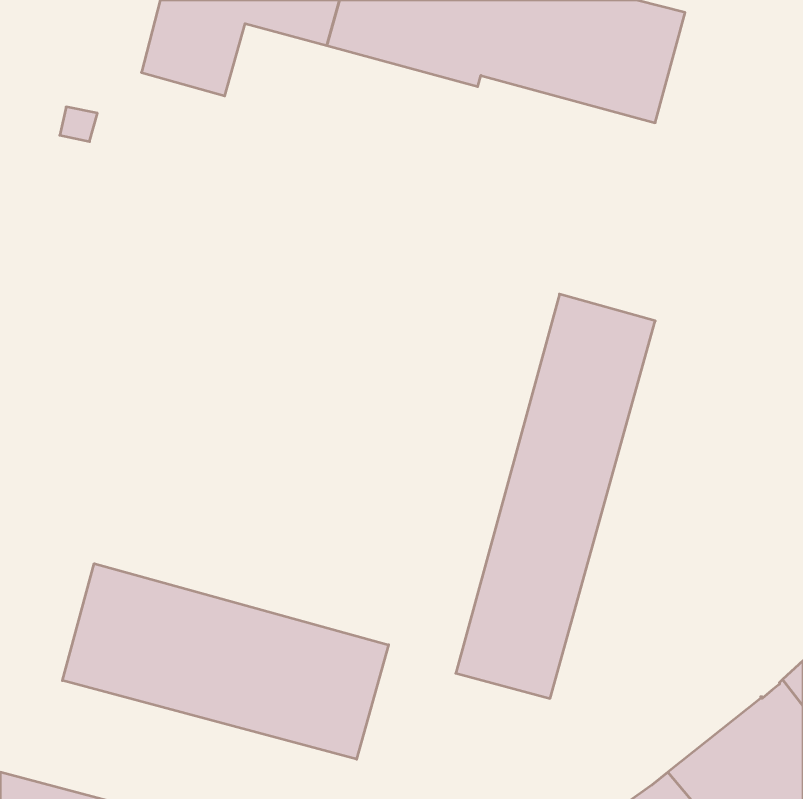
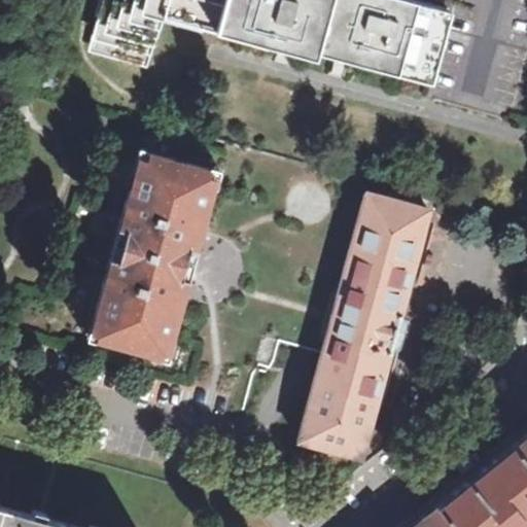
building: none -> [95,154,213,360]
building: [62,564,389,759] -> none

